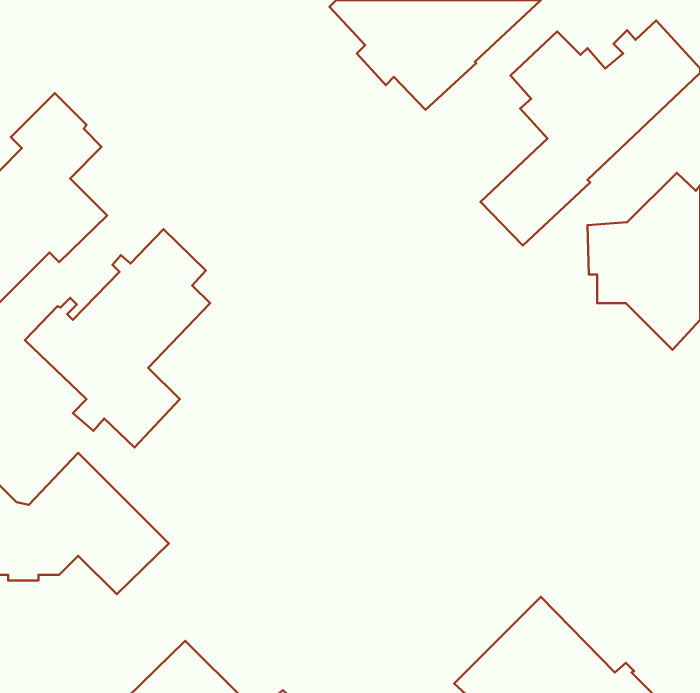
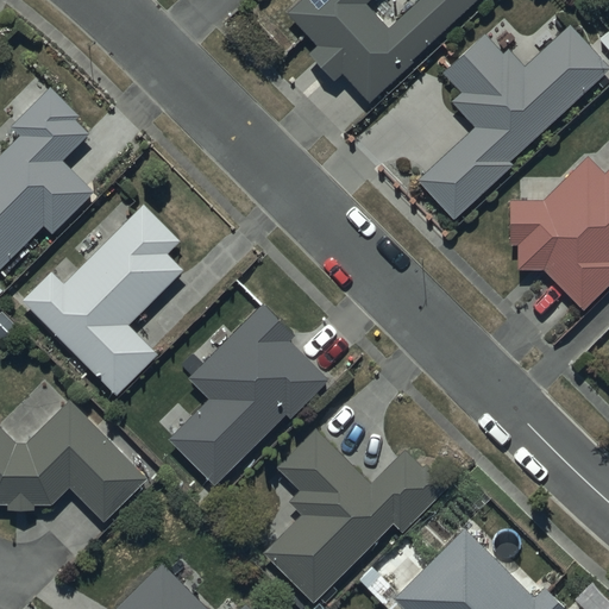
building: none -> [168,303,328,485]
building: none -> [263,428,447,603]

